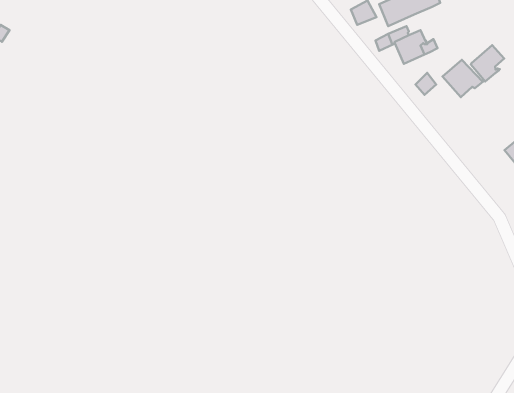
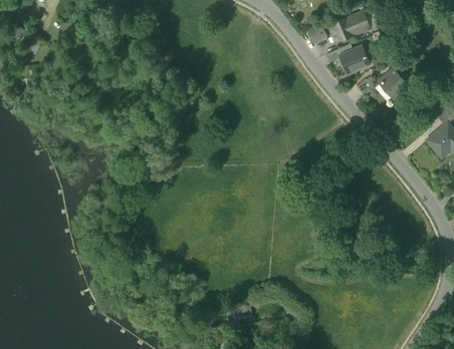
building: [471,45,504,82] -> none

